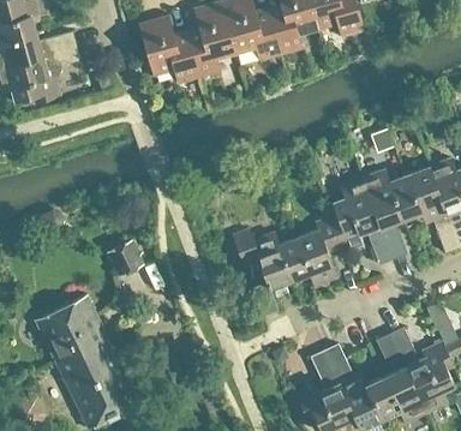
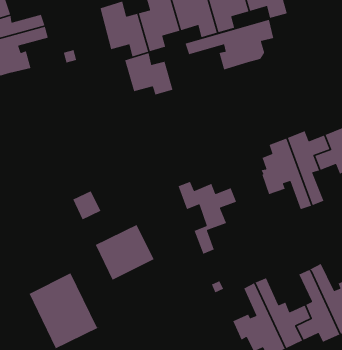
building: none -> [185,19,274,71]
building: none -> [124,52,173,95]
building: [285,216,341,285] -> none
building: [34,294,107,363] -> [93,223,155,281]

